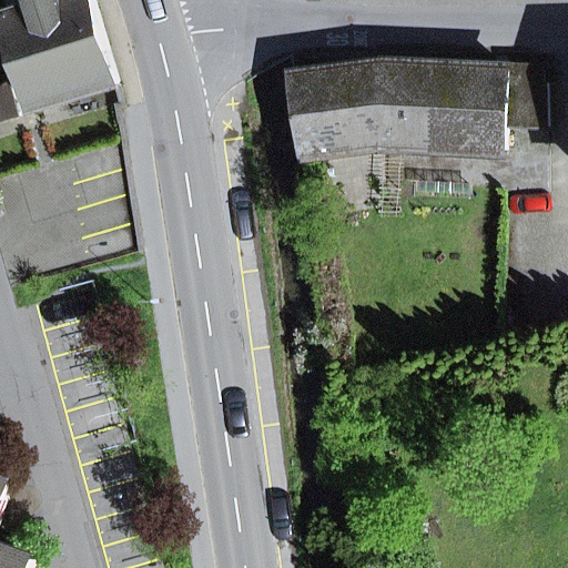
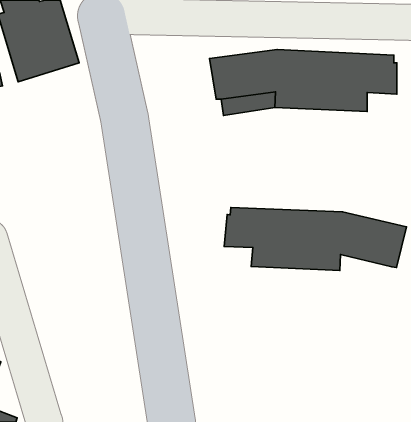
building: none -> [224,207,407,271]

